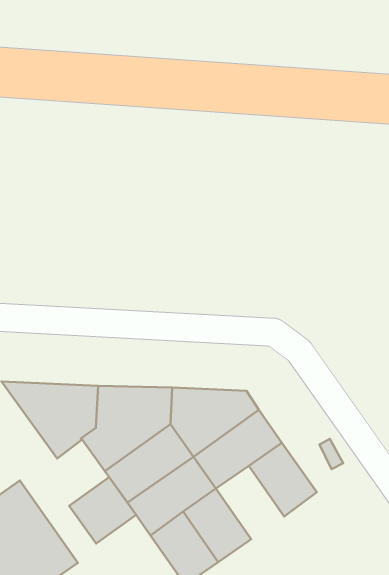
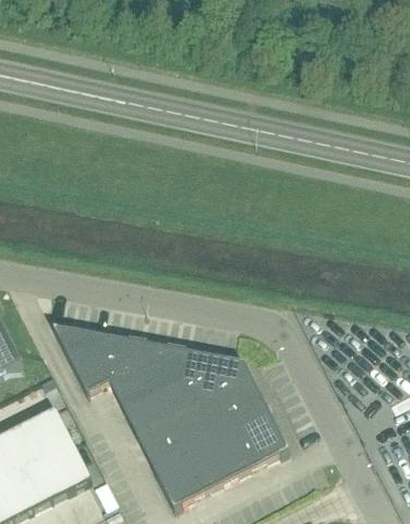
building: none -> [208,419,259,477]
building: [69,477,136,544] -> none

